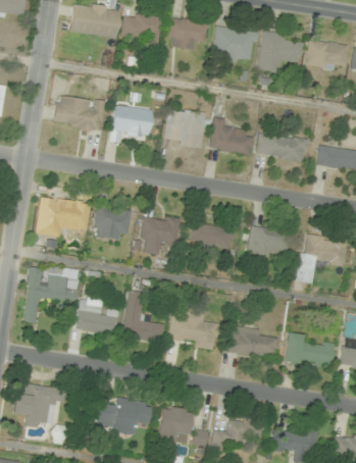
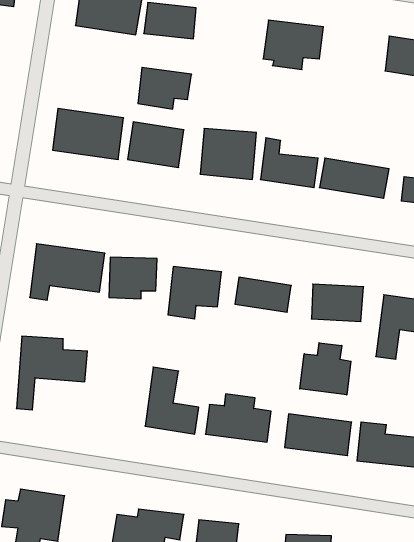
building: [166,17,207,49] -> [138,67,192,109]
building: [257,31,302,74] -> none
building: none -> [300,343,351,395]
building: [75,294,118,335] -> none

